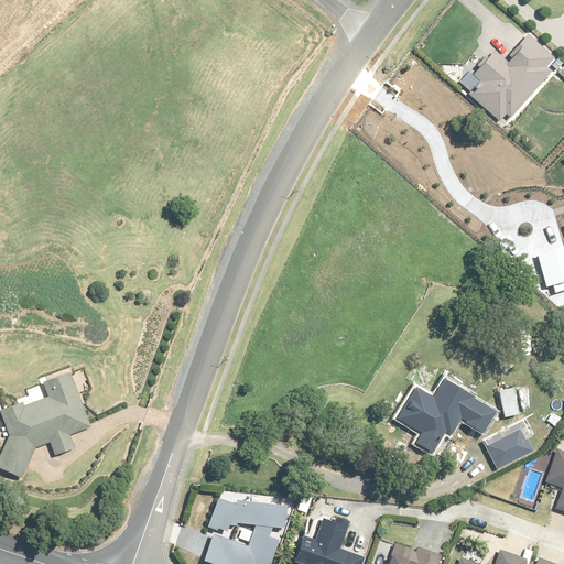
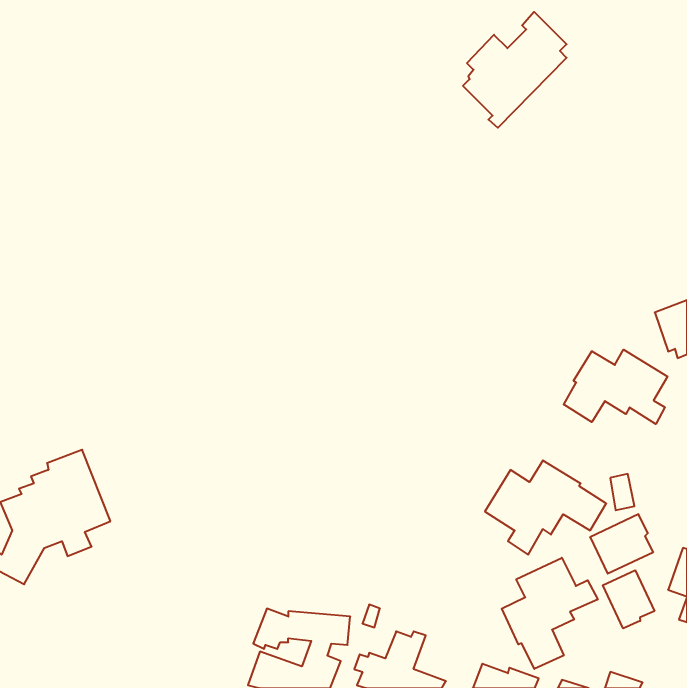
building: [470,34,555,129] -> [463,12,567,128]
building: none -> [564,350,667,424]
building: none -> [502,558,598,669]
building: none -> [603,570,654,628]

